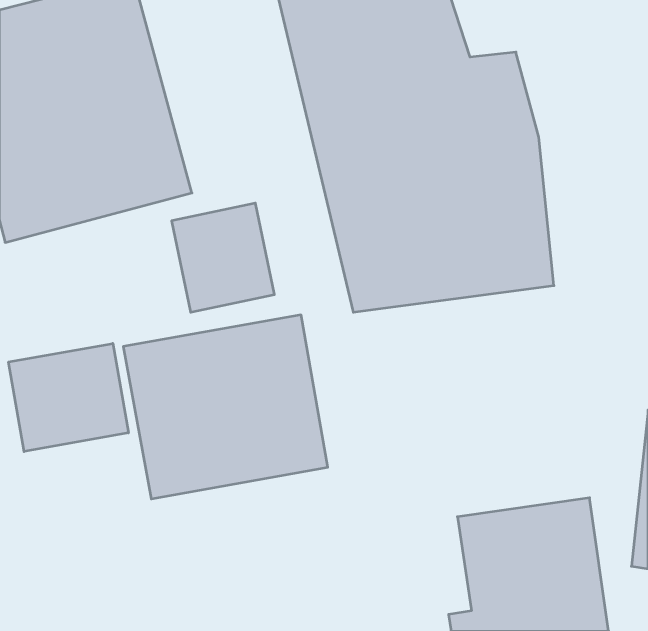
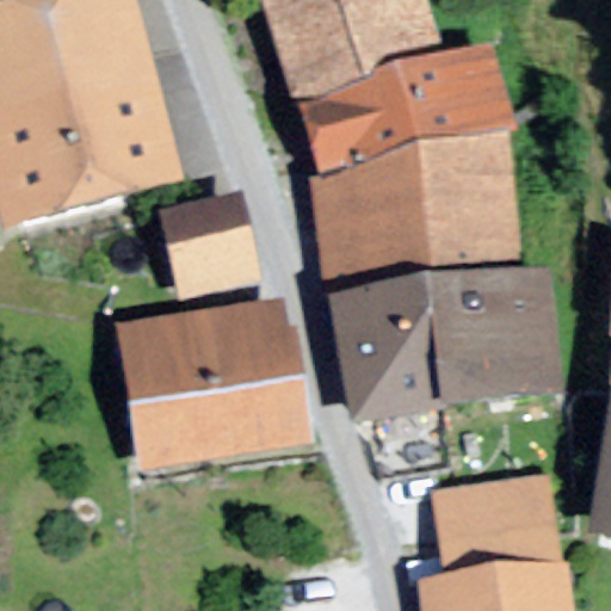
building: none -> [337,272,561,427]
building: [9,343,128,452] -> none

